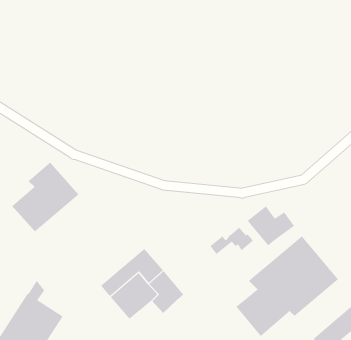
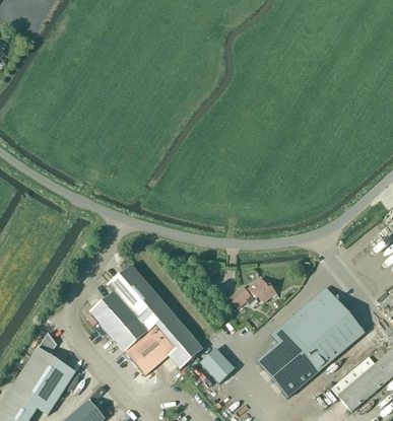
building: [12,162,79,232] -> [89,265,160,339]
building: [247,206,295,246] -> none
building: none -> [200,347,237,377]

